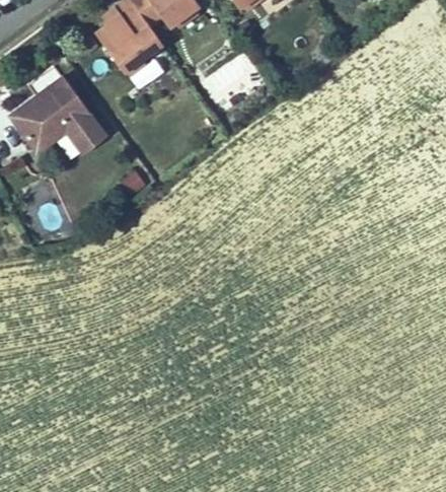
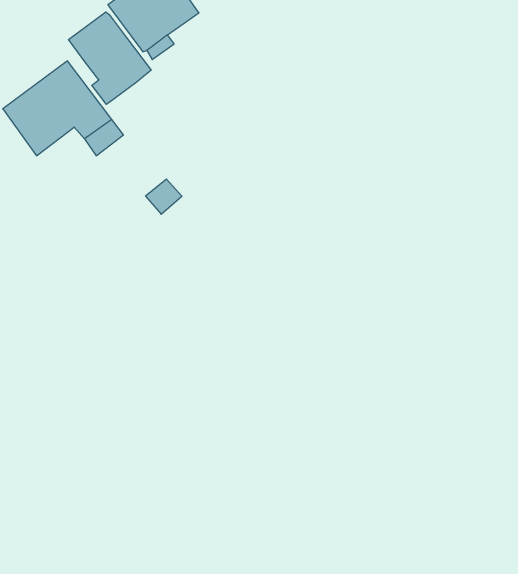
building: none -> [68,12,151,104]

